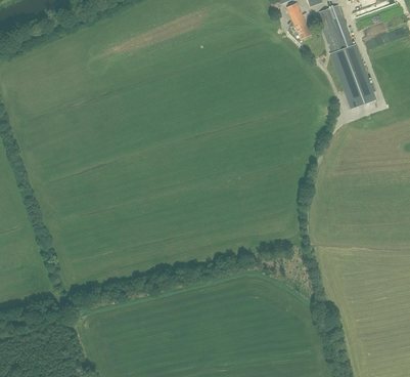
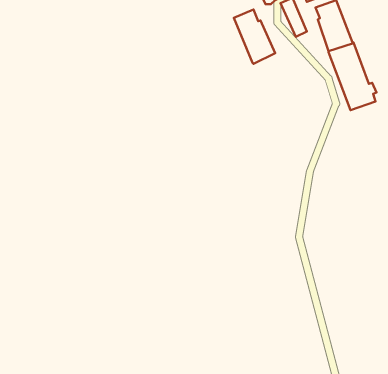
building: none -> [234,9,275,64]

